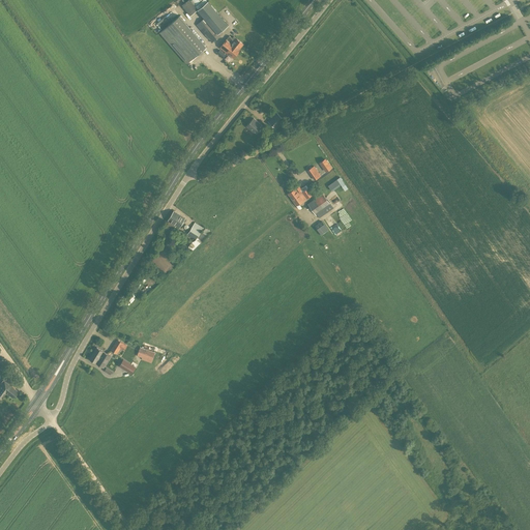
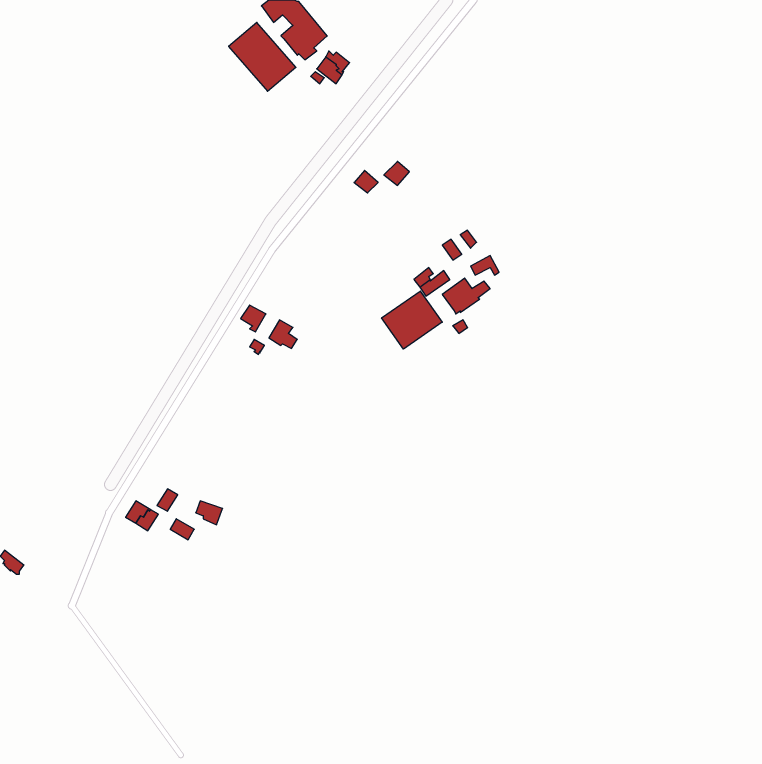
building: none -> [382,291,442,349]

